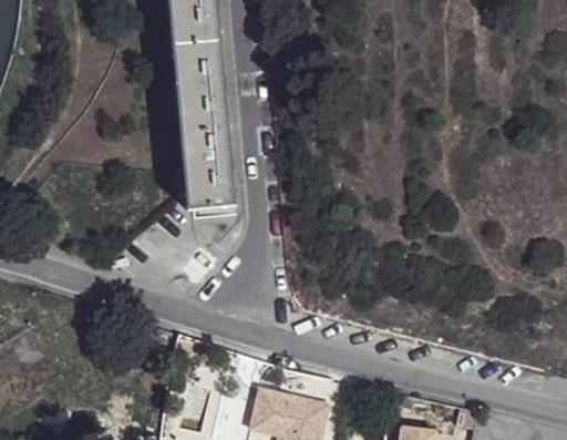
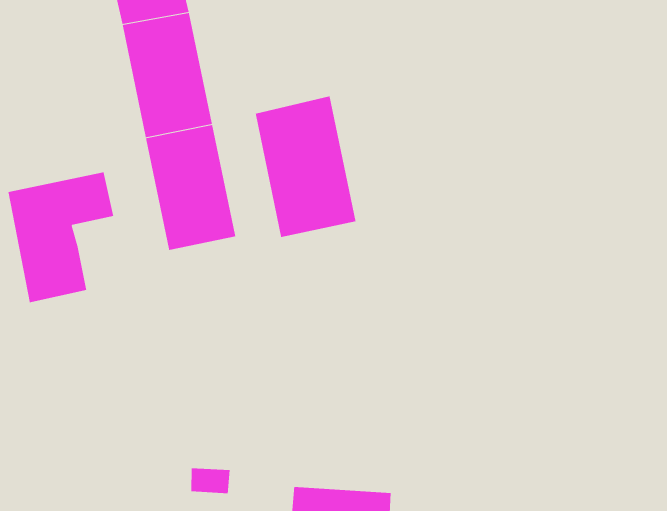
building: none -> [255,95,356,238]
building: none -> [8,171,114,303]

